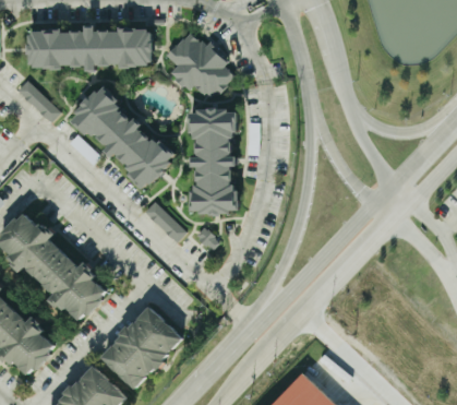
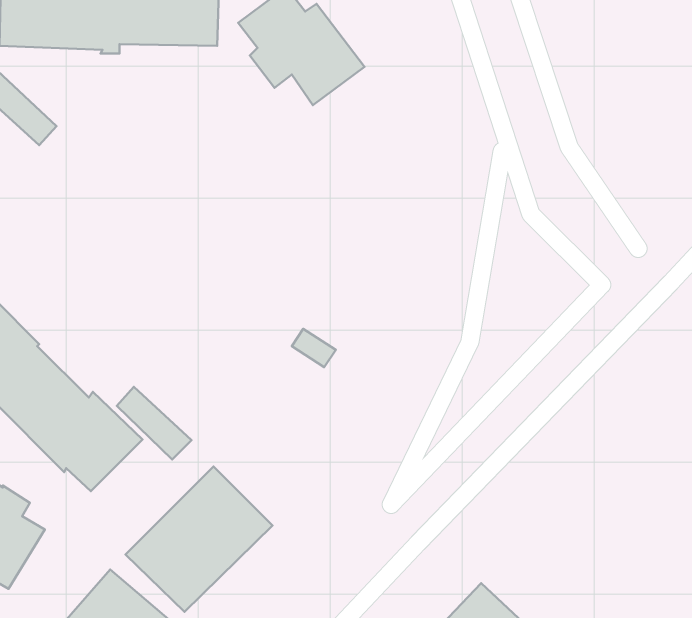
building: [69,83,173,187] -> none
building: [187,105,238,213] -> none
building: [143,202,185,243] -> [117,387,191,459]

